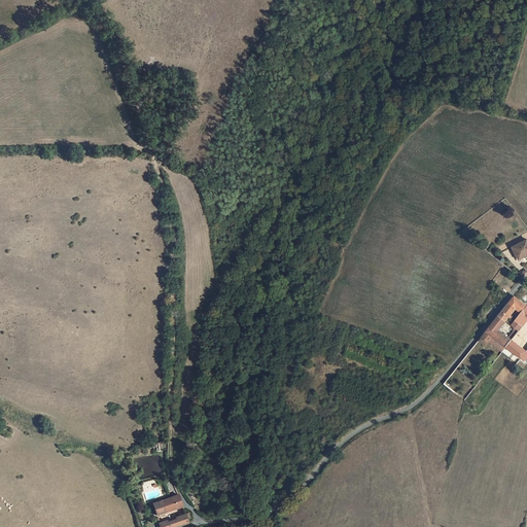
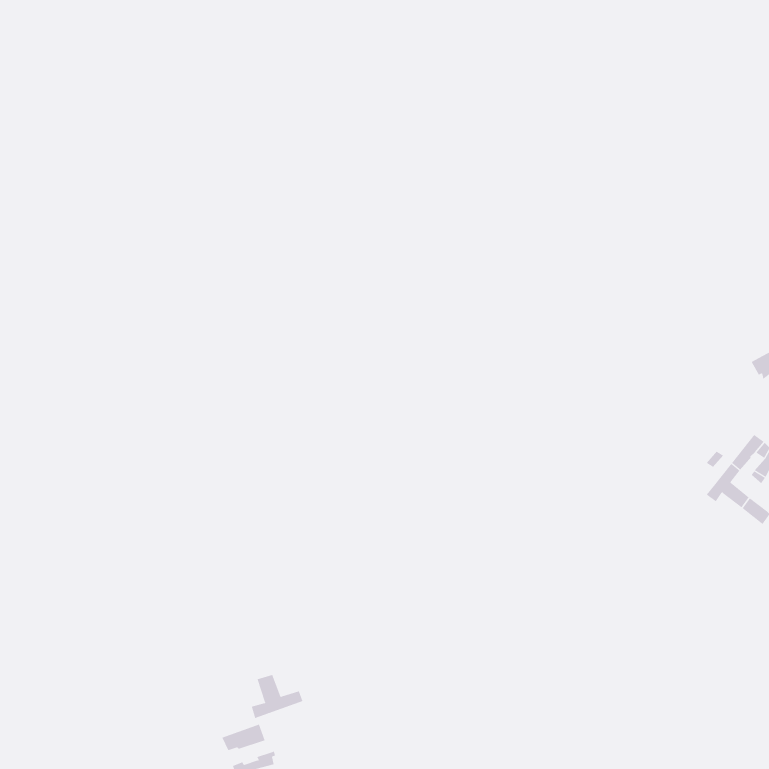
building: none -> [251,674,303,719]

